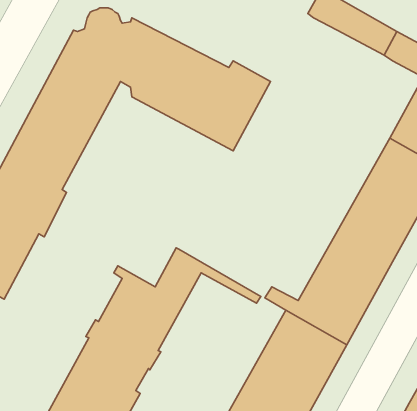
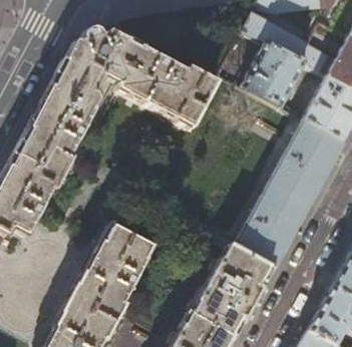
building: none -> [243,42,307,108]

